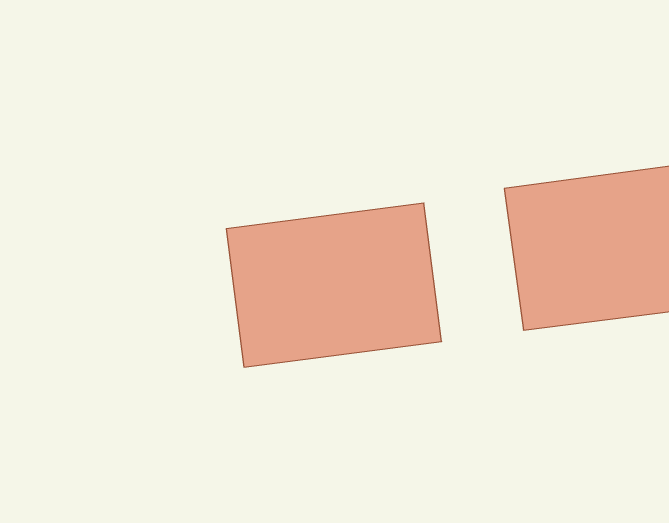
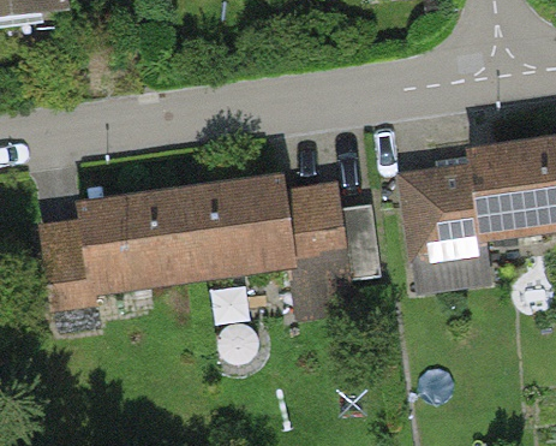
building: none -> [41,186,202,309]

